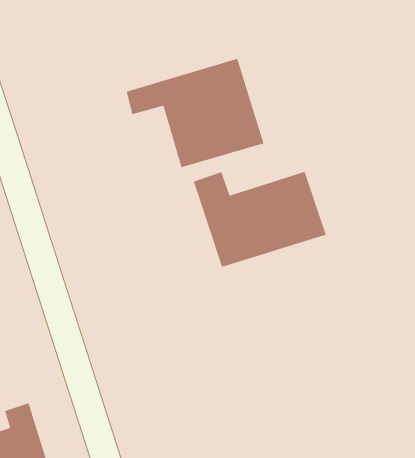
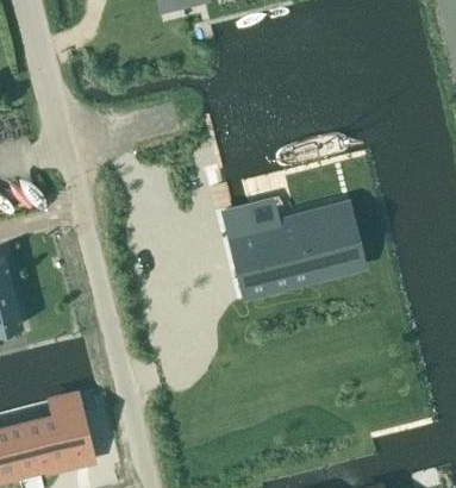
building: [126,58,264,168] -> none

